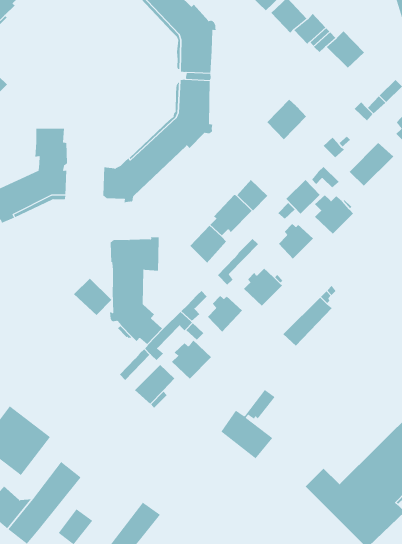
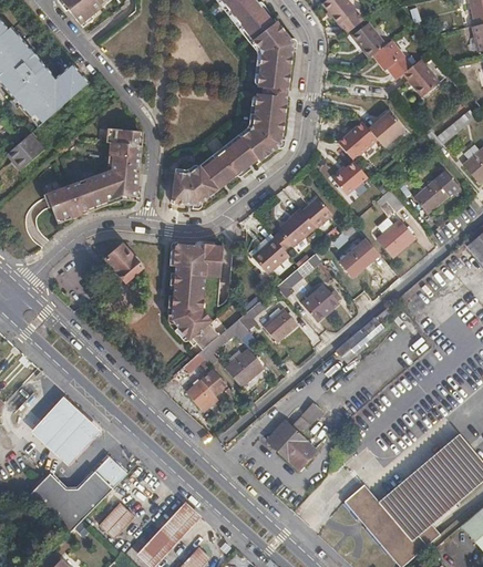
building: none -> [369,111,405,147]
building: [286,179,320,215] -> [333,161,368,195]
building: [73,278,112,316] -> [105,244,143,281]

